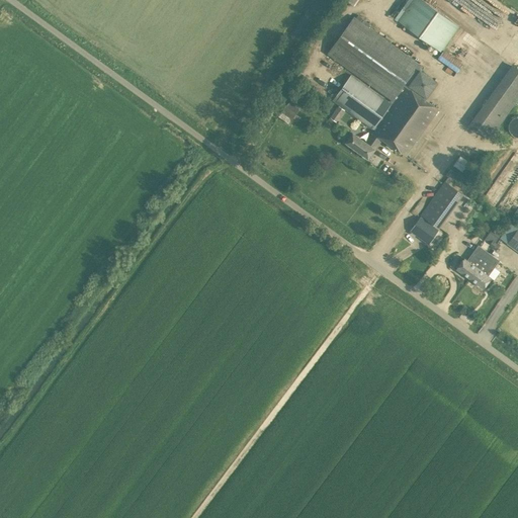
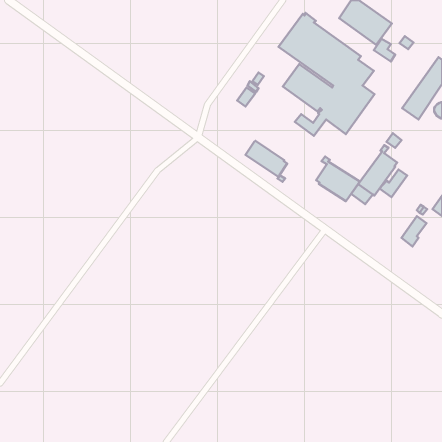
building: none -> [245,141,287,182]
building: none -> [316,156,360,201]
building: [455,246,488,278] -> [380,170,407,197]

